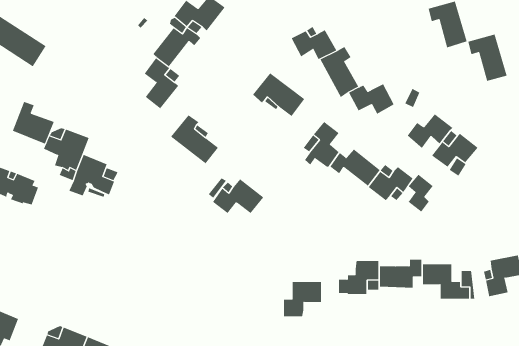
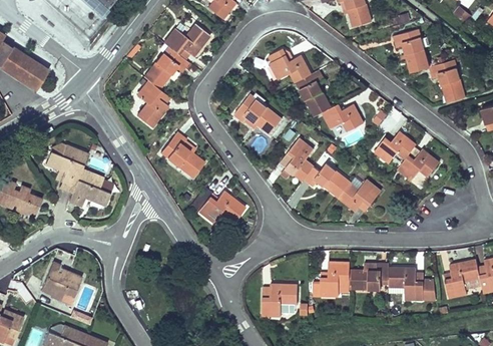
building: [12,101,55,144] -> none
building: [408,174,433,213] -> none
building: none -> [41,262,81,301]

